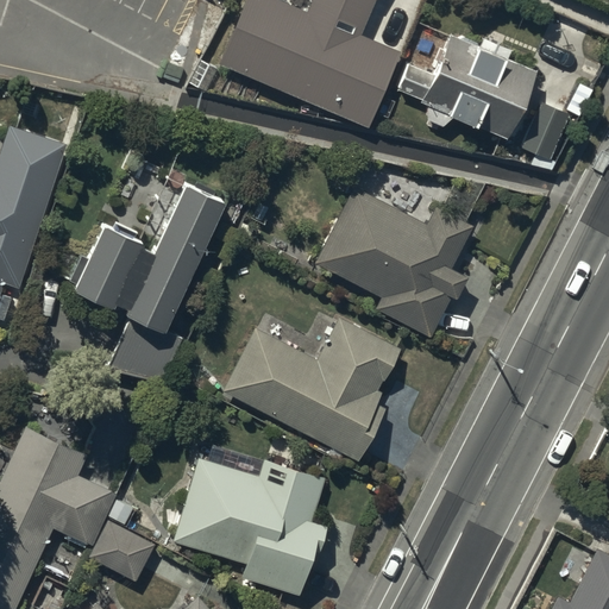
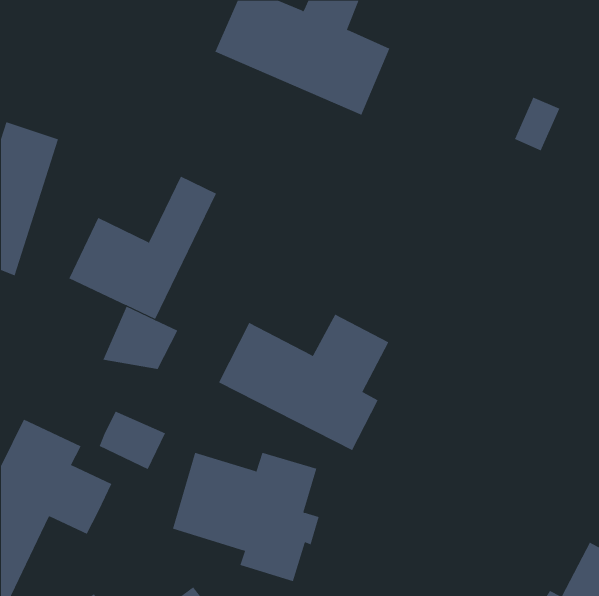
building: [396,30,535,133] -> none
building: [319,192,470,337] -> none
building: [87,522,155,582] -> [99,411,166,470]

